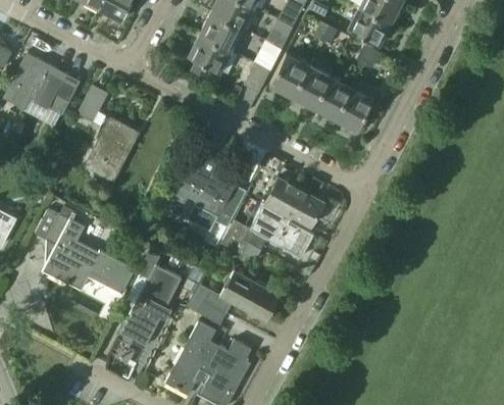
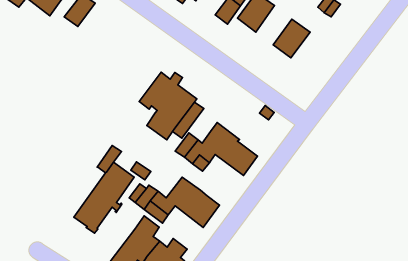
building: [292,64,330,108] -> none
building: [335,88,374,132] -> none
building: [85,117,138,181] -> none
building: [264,176,325,225] -> none
building: [36,205,136,293] -> none

